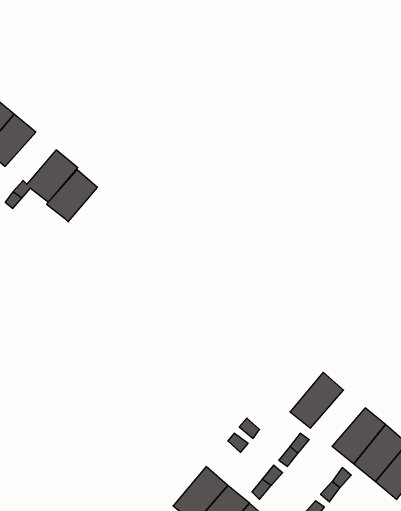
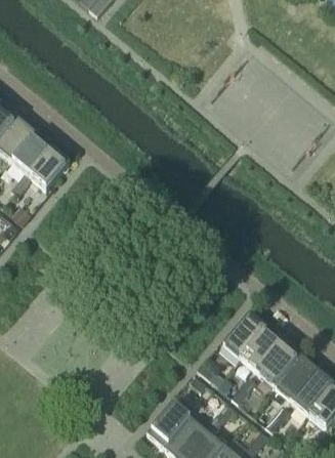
building: [47,170,97,222] -> [11,132,52,174]
building: none -> [223,310,267,358]
building: none -> [257,340,301,385]

